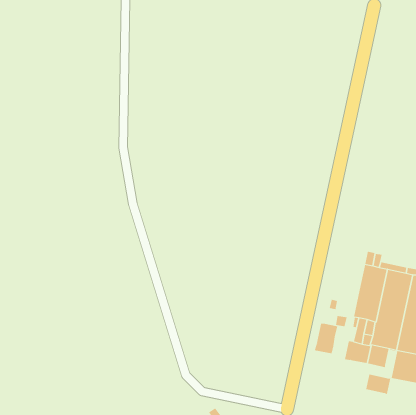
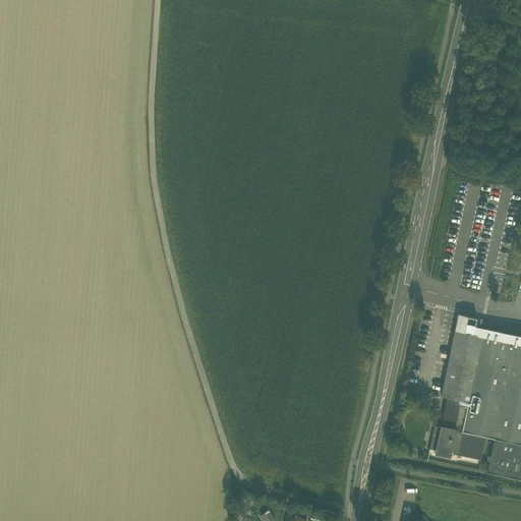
building: [314,323,338,354] -> none
building: [364,374,391,396] -> none

